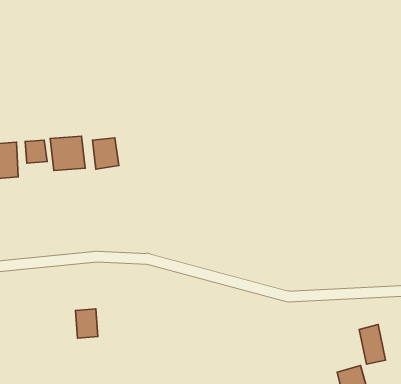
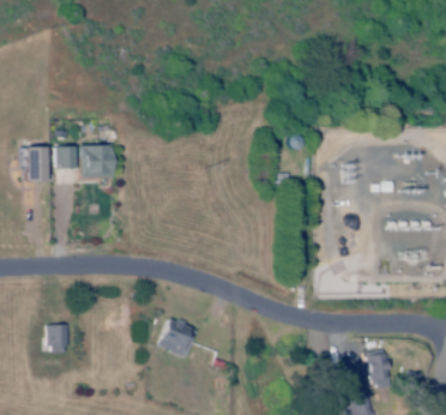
building: [93,138,119,169] -> none
building: none -> [157,320,198,360]
building: [75,309,98,338] -> [48,326,68,354]

